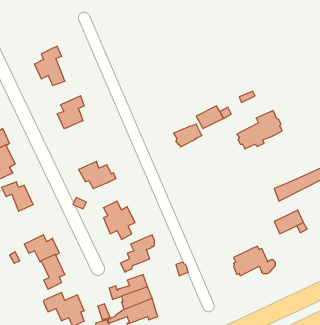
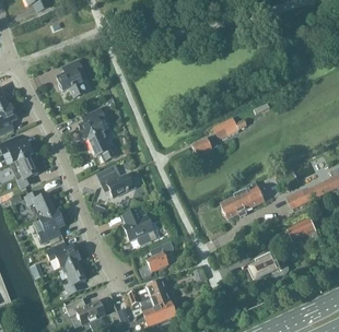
building: [237,110,282,149] -> [221,180,265,217]
building: none -> [87,130,117,158]
building: none -> [33,210,65,241]

